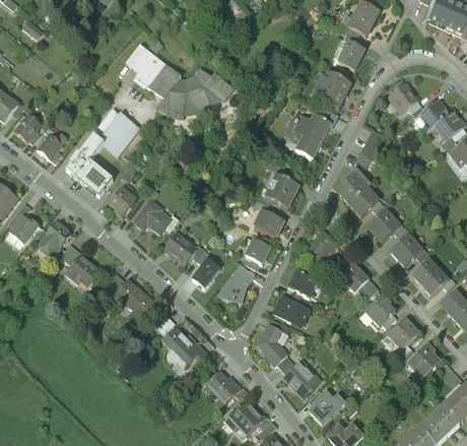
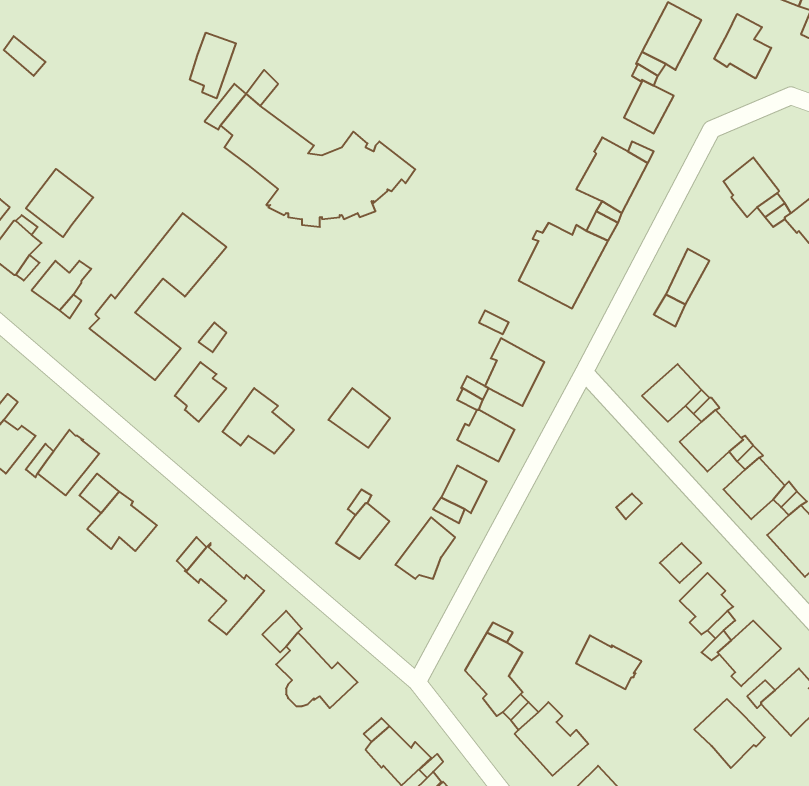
building: none -> [714,14,771,78]
building: none -> [190,33,236,98]
building: none -> [26,169,93,237]
building: [338,169,368,203] -> none
building: [308,231,337,261] -> none
building: [164,233,196,263] -> [328,388,390,448]
building: [341,262,369,291] -> none
building: [288,269,317,296] -> none
building: [275,298,309,325] -> [576,635,641,689]
building: none -> [694,699,765,768]

